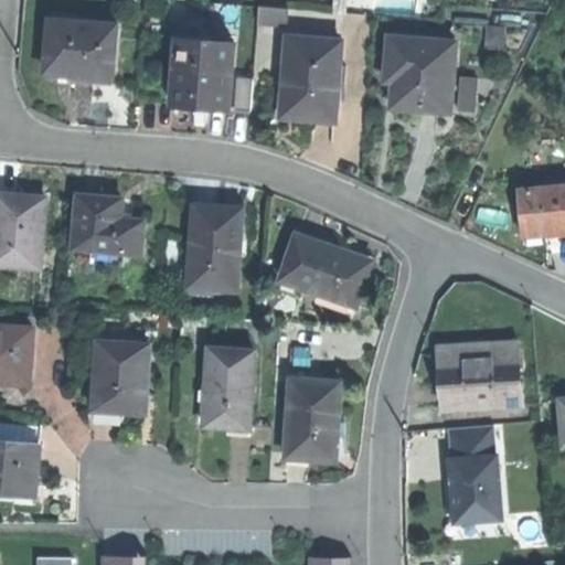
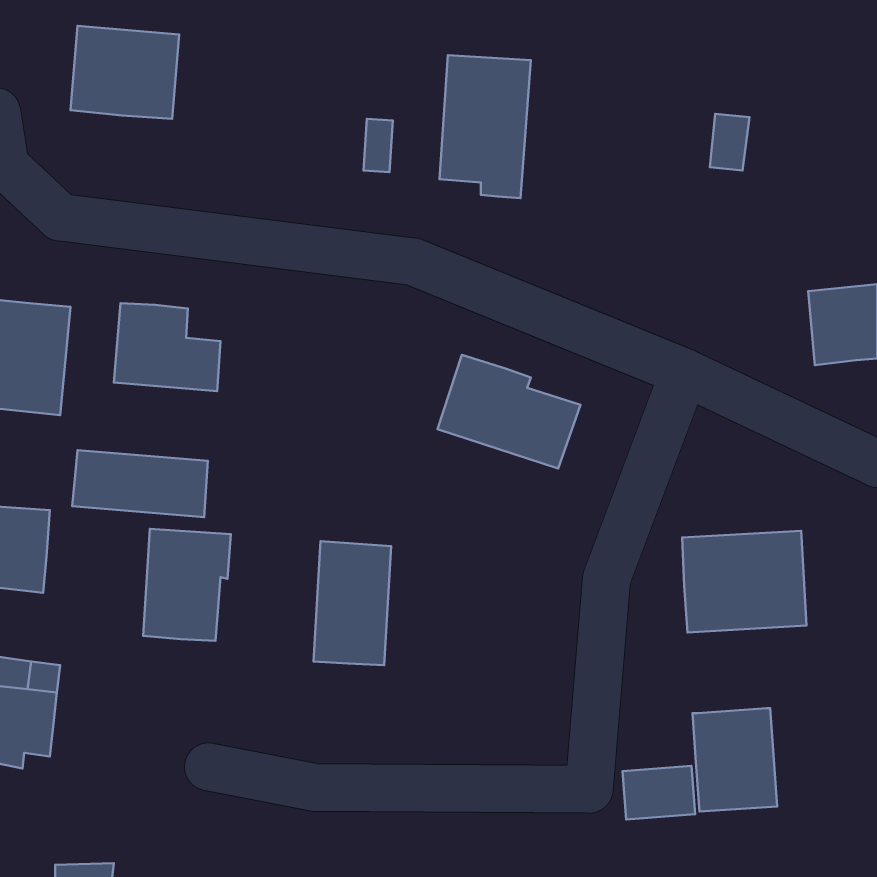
building: [171,36,234,110] -> none
building: [386,38,456,113] -> none
building: [186,205,242,290] -> none
building: none -> [72,450,208,517]
building: [284,381,339,461] -> none
building: [445,425,491,459] -> [623,766,695,819]

